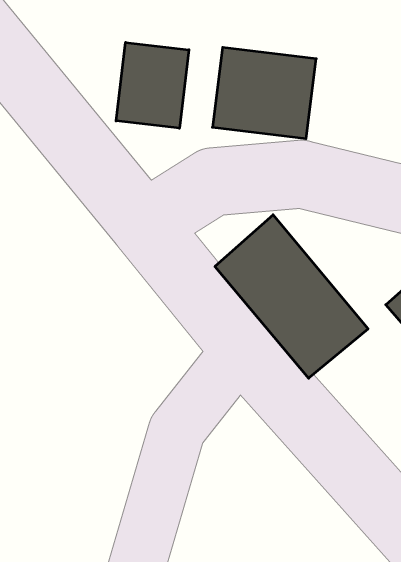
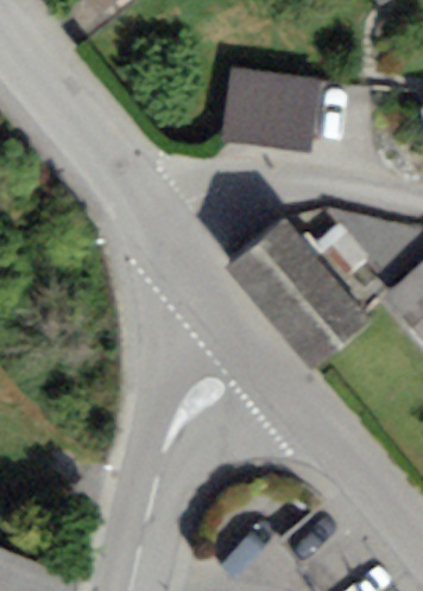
building: [116,42,189,128] -> none

